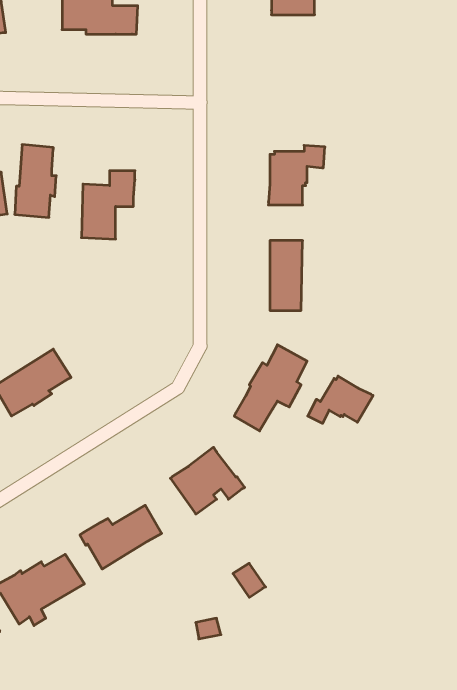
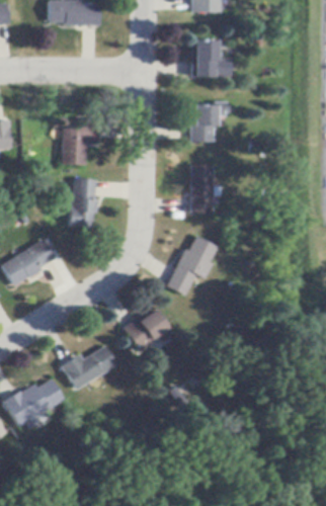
building: none -> [191,39,231,77]
building: [15,145,56,217] -> [70,177,98,227]
building: [308,376,373,423] -> none

